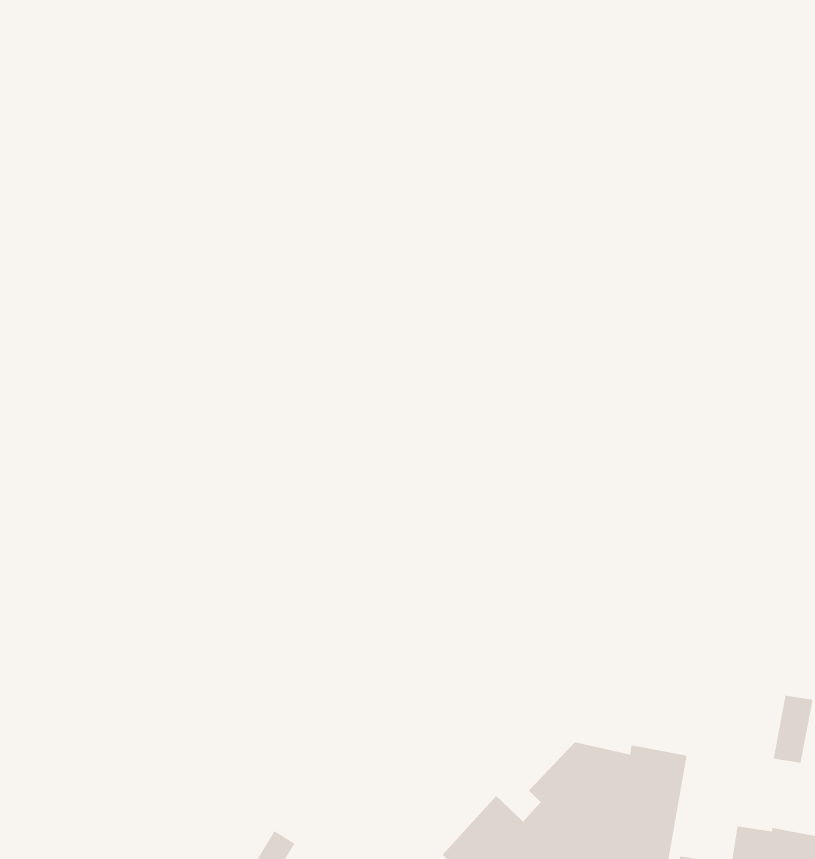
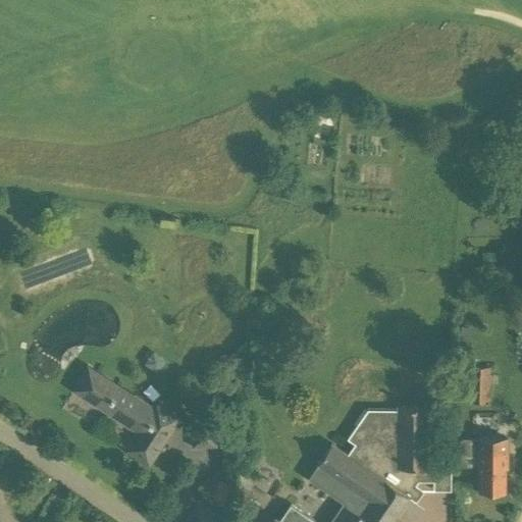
building: none -> [74,371,177,467]

